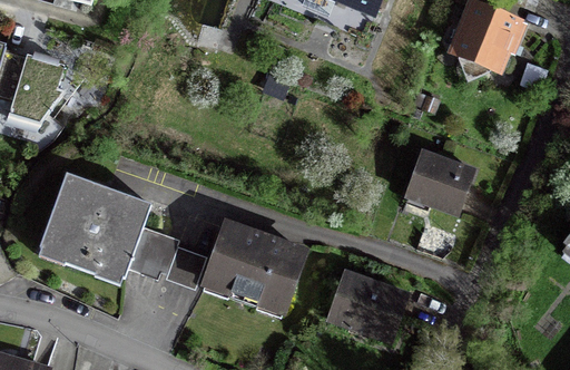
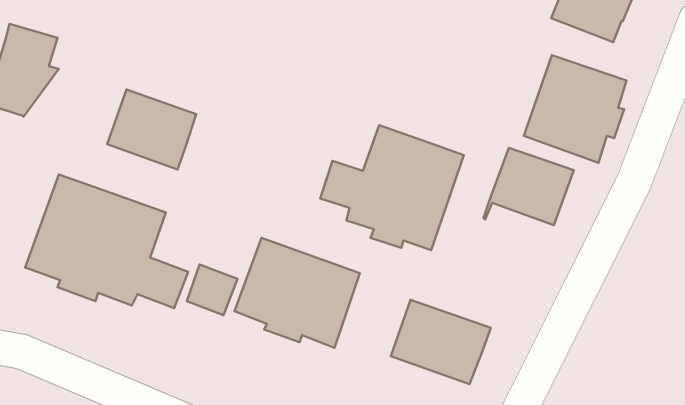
building: none -> [524,55,626,163]
building: none -> [107,90,196,170]
building: none -> [320,125,464,250]

